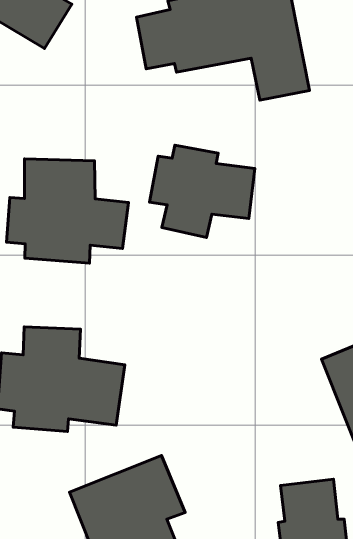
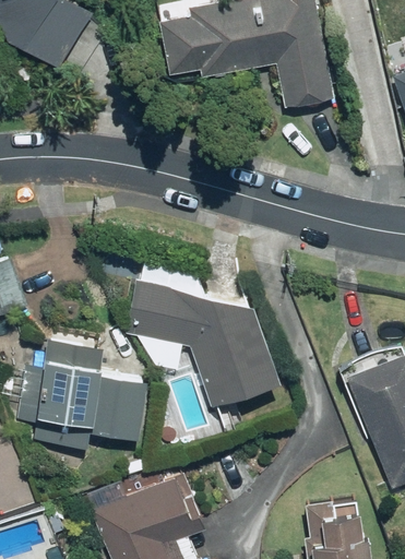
building: [150,145,255,238] -> none
building: [6,159,128,263] -> none
building: none -> [124,278,279,404]

